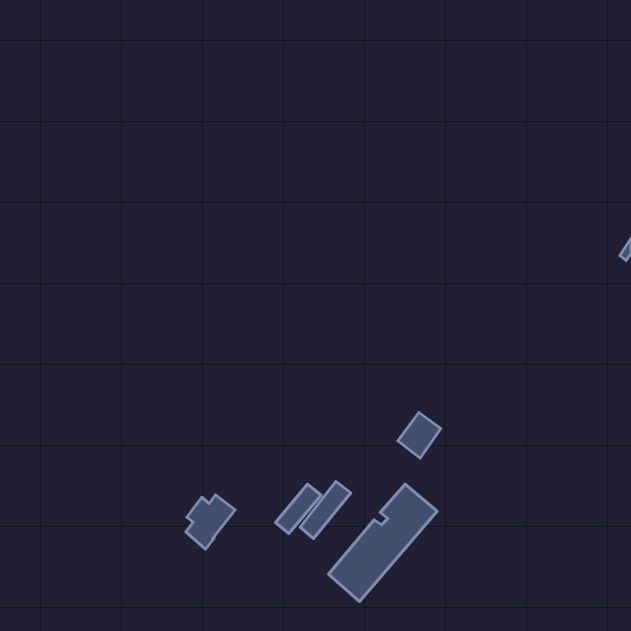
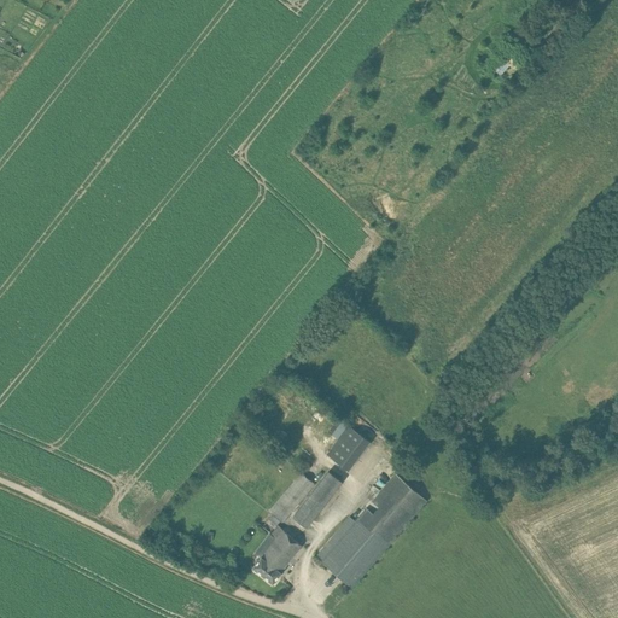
building: [398,412,441,458] -> [327,426,369,471]
building: [186,495,235,549] -> [253,530,302,583]

